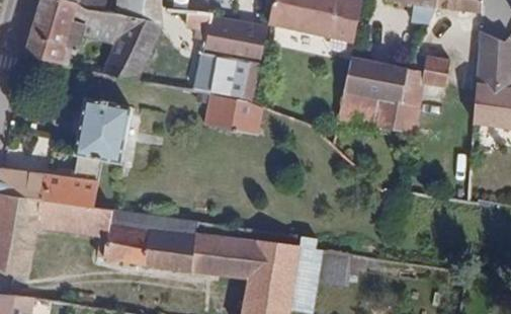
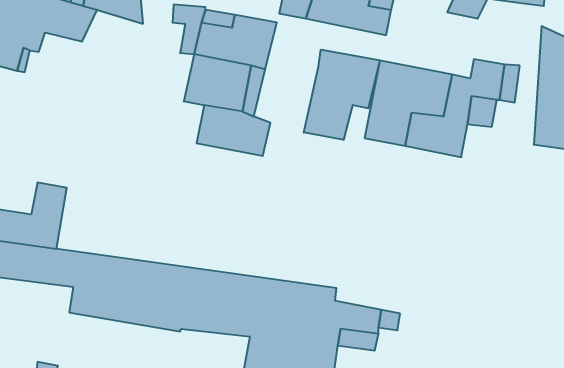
building: [98,16,162,82] -> none
building: none -> [304,50,380,140]
building: [74,98,129,161] -> none

